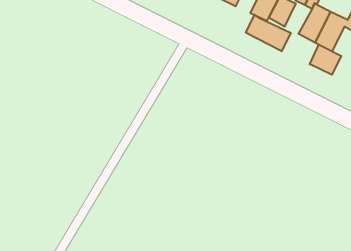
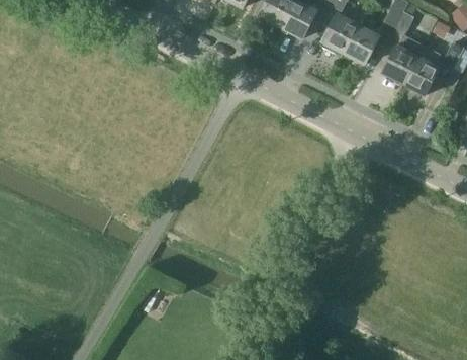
building: [246,15,291,51] -> none
building: [310,45,341,75] -> none

